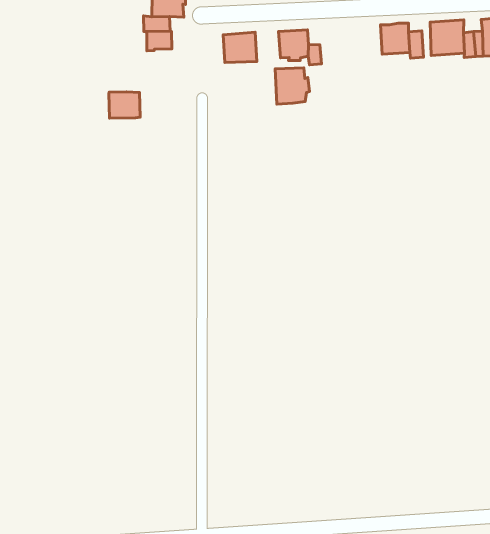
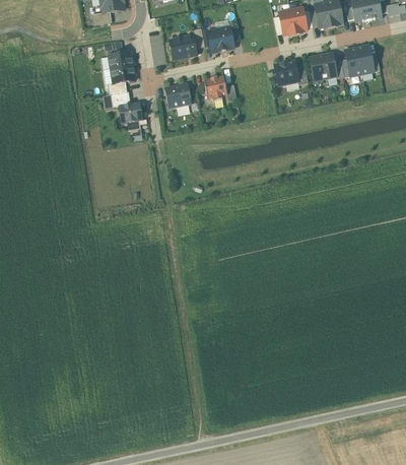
building: [275,68,309,104] -> none
building: [109,92,140,118] -> [118,102,142,123]

